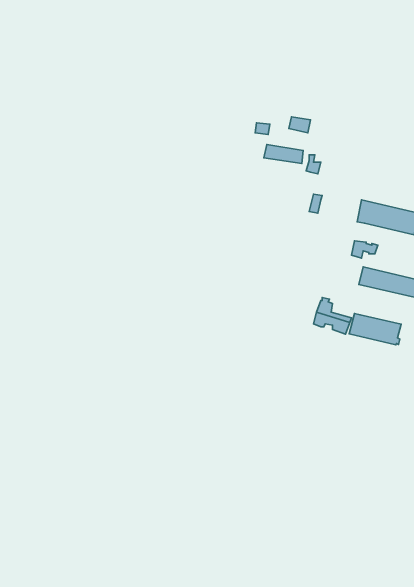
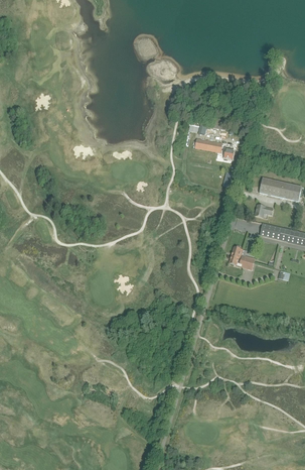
building: [349,313,401,345] -> none

